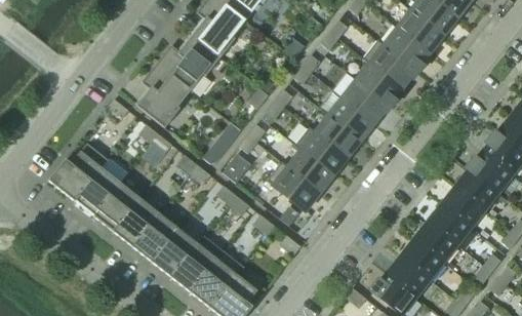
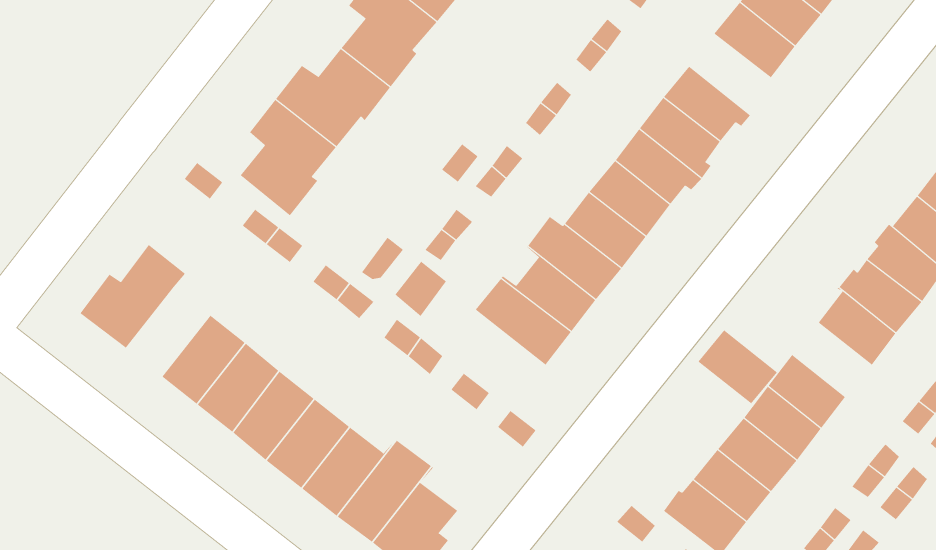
building: [377,23,430,72] -> none
building: [75,166,121,215] -> none
building: [441,186,485,227] -> [698,330,778,404]

